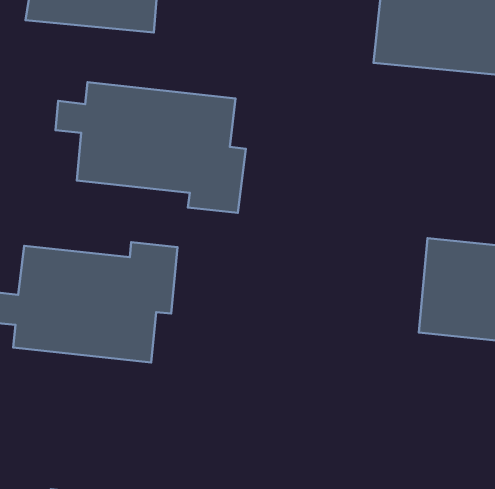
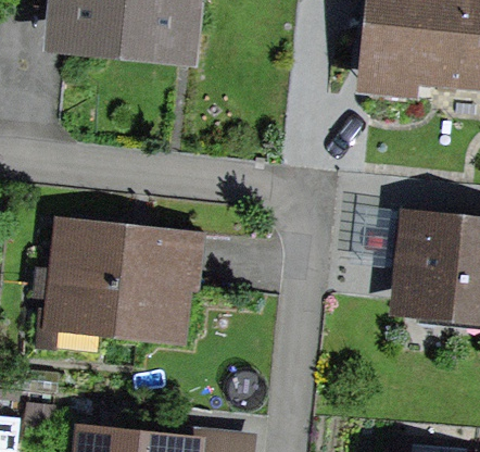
building: [56,82,246,213] -> none

